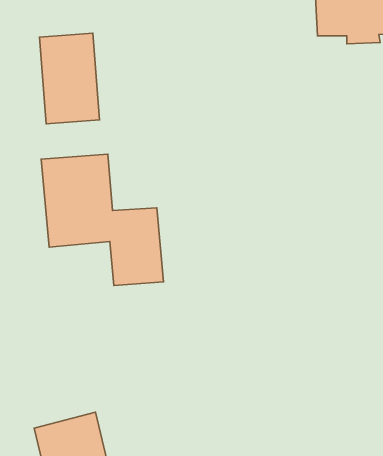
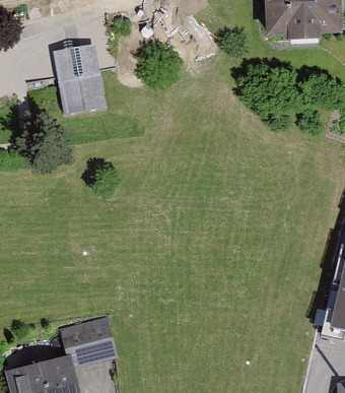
building: [41,154,163,285] -> none

